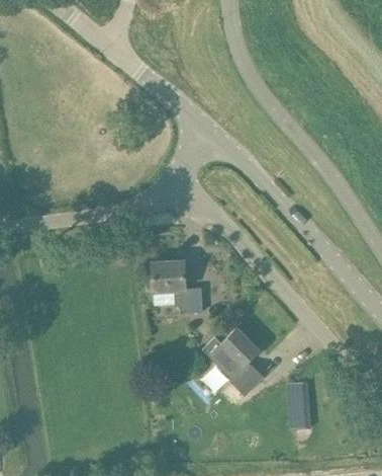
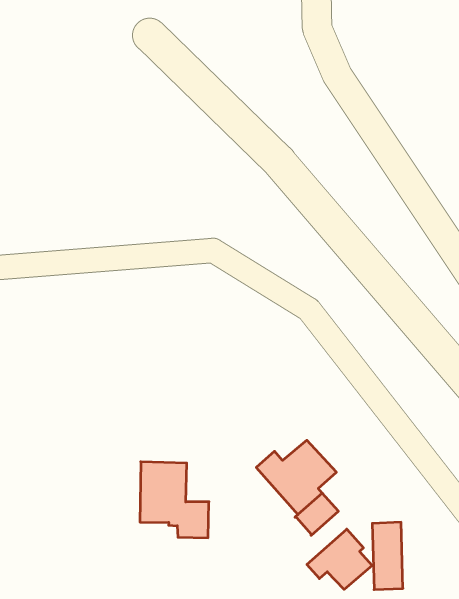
building: [153,261,203,314] -> [140,462,209,538]
building: none -> [307,529,372,589]

